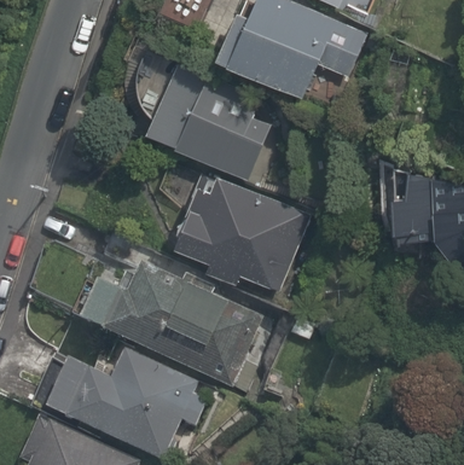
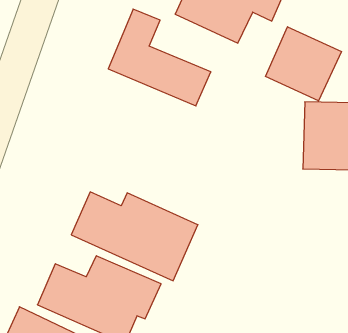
building: none -> [266,27,341,101]
building: [173,167,313,307] -> none

